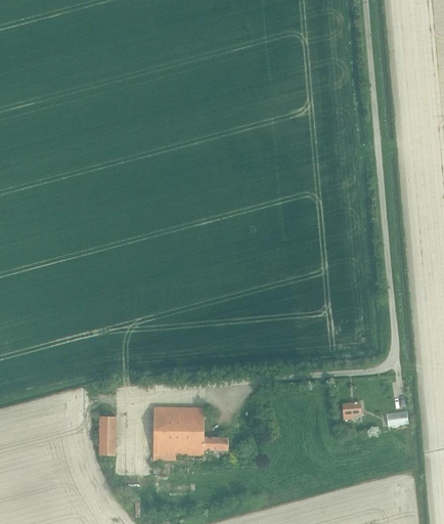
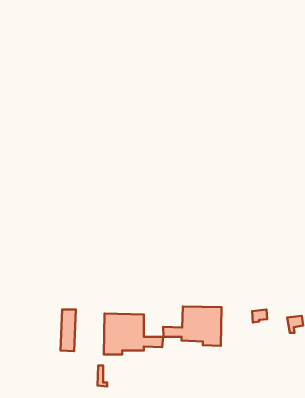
building: none -> [163,306,222,346]

